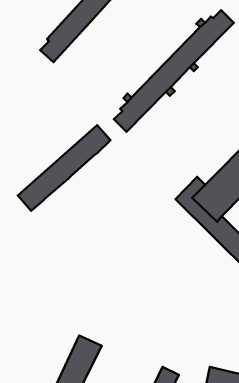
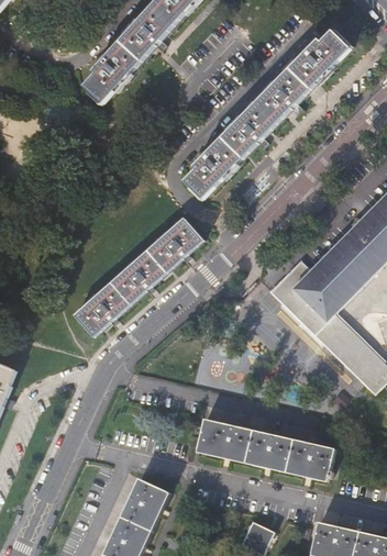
building: [18,125,111,211] -> [75,218,202,335]
building: none -> [197,418,334,479]

